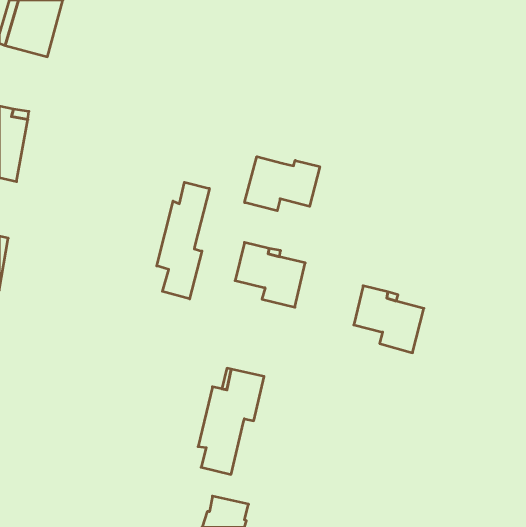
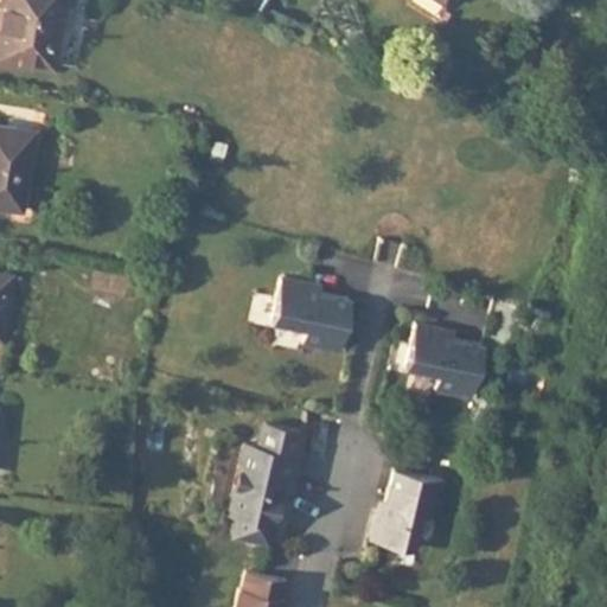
building: [245,157,320,211] -> none
building: [157,182,209,299] -> none
building: none -> [370,473,446,554]

